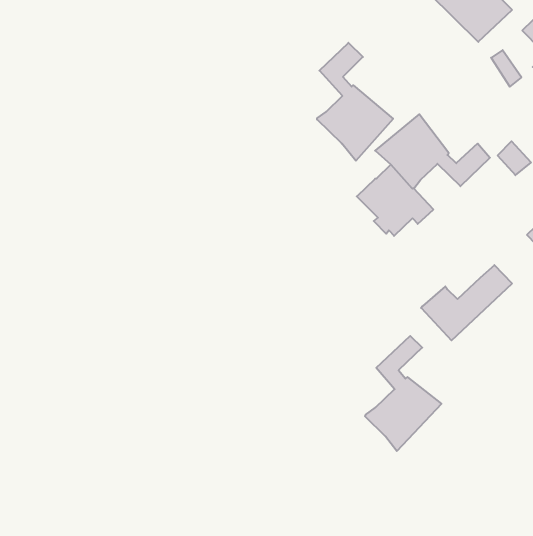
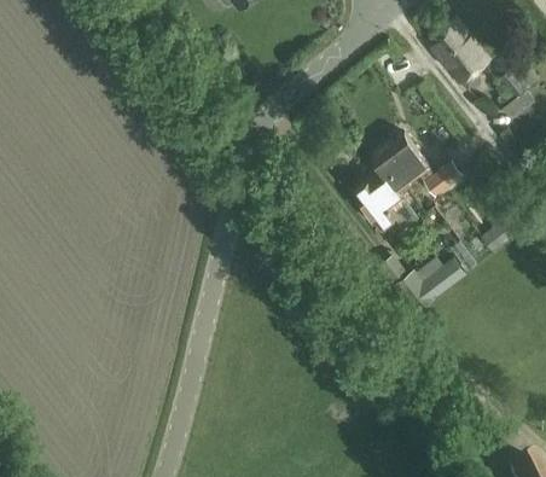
building: [317,43,393,161] -> none
building: [365,336,441,451] -> none

